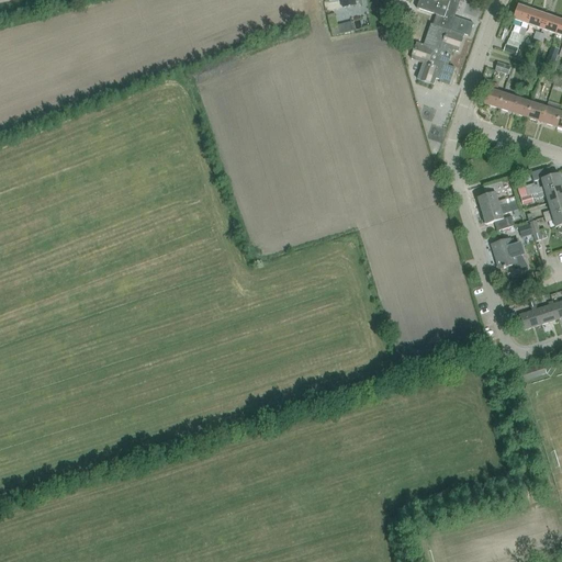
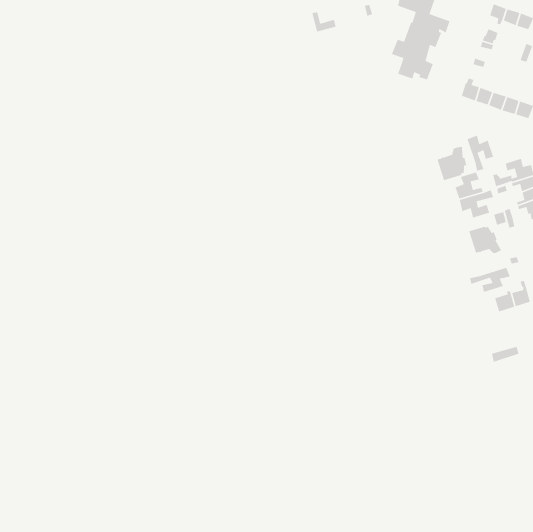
building: none -> [466,135,494,171]
building: none -> [437,145,467,181]
building: none -> [469,267,511,293]

